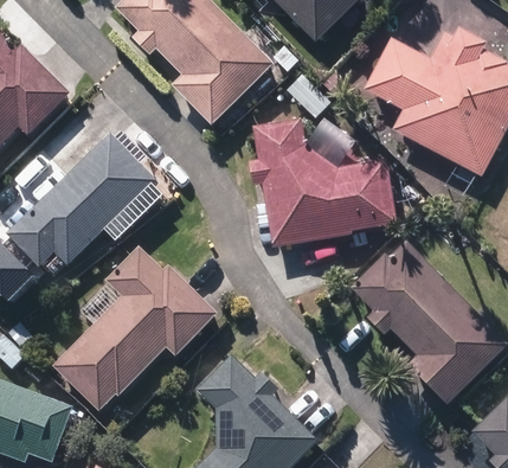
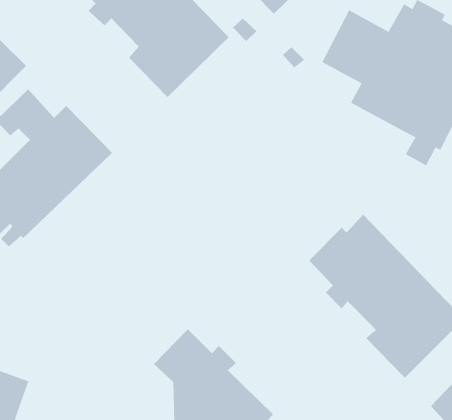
building: [249,120,397,246] -> none
building: [51,245,218,413] -> none

